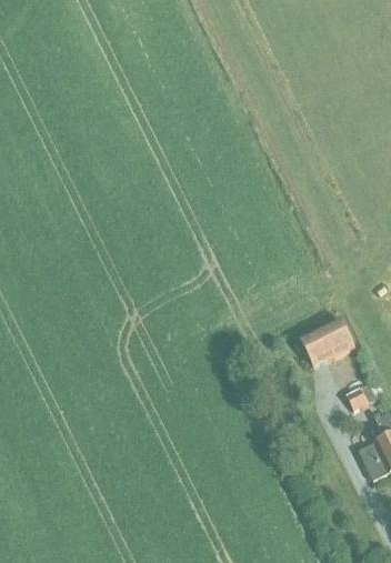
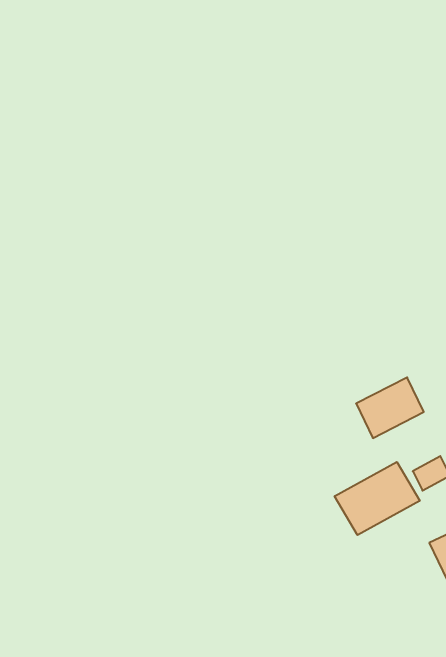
building: none -> [335,462,420,535]

